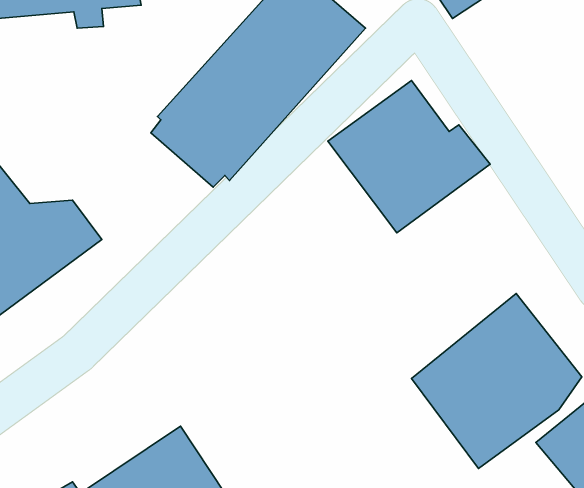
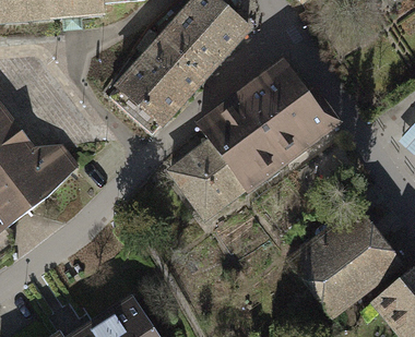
building: none -> [169,103,275,216]

